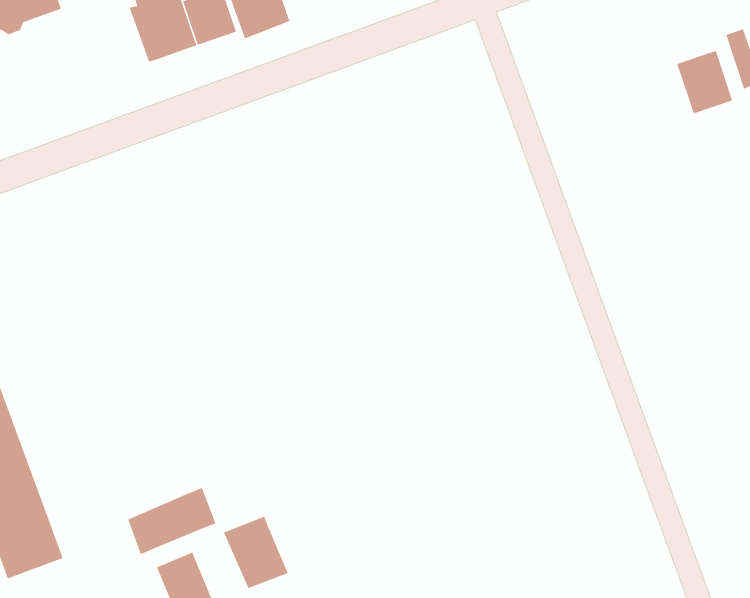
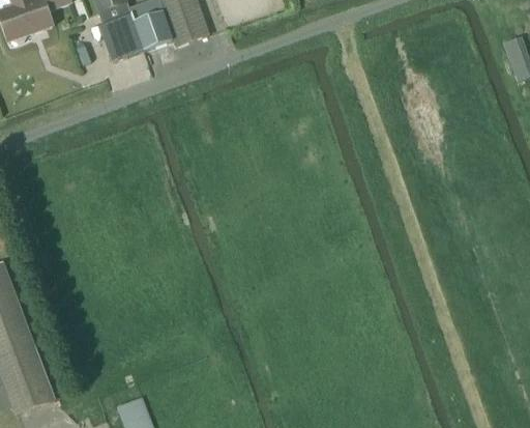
building: [677,50,733,114] -> none
building: [127,487,216,555] -> none
building: [223,516,288,589] -> none

